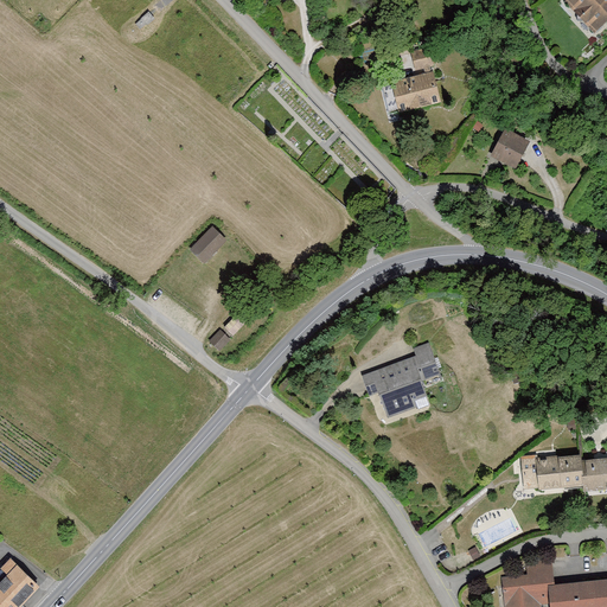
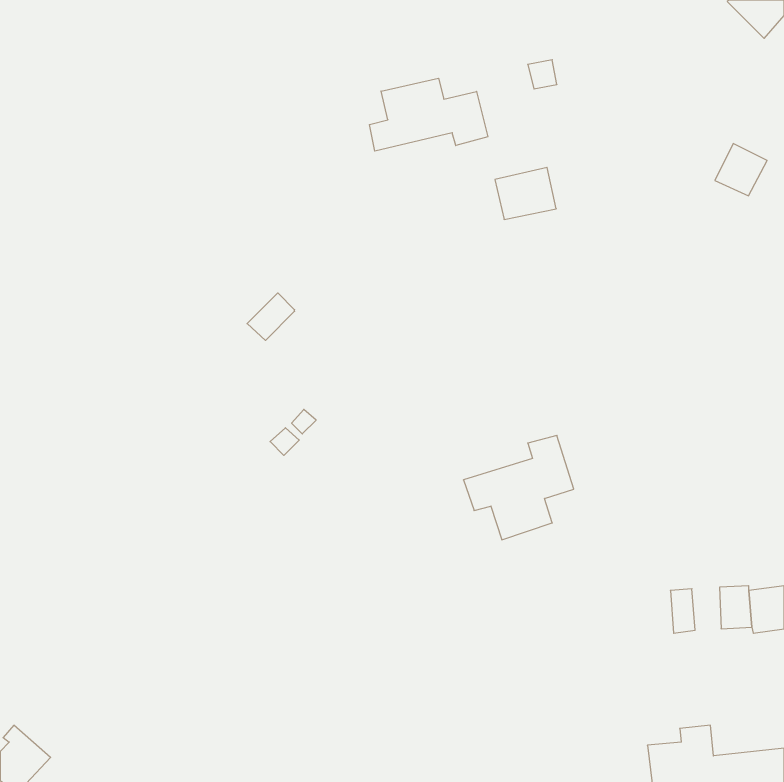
building: none -> [369,78,488,151]
building: [390,70,437,110] -> [495,167,556,219]
building: [486,129,526,170] -> [715,144,767,196]
building: [535,455,557,488] -> none

